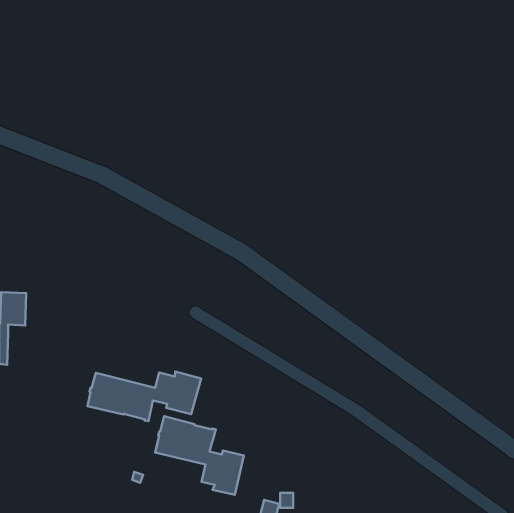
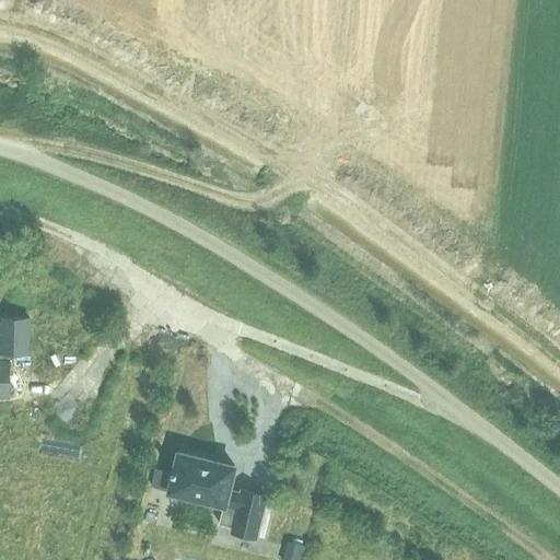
building: [87,371,201,421] -> none

